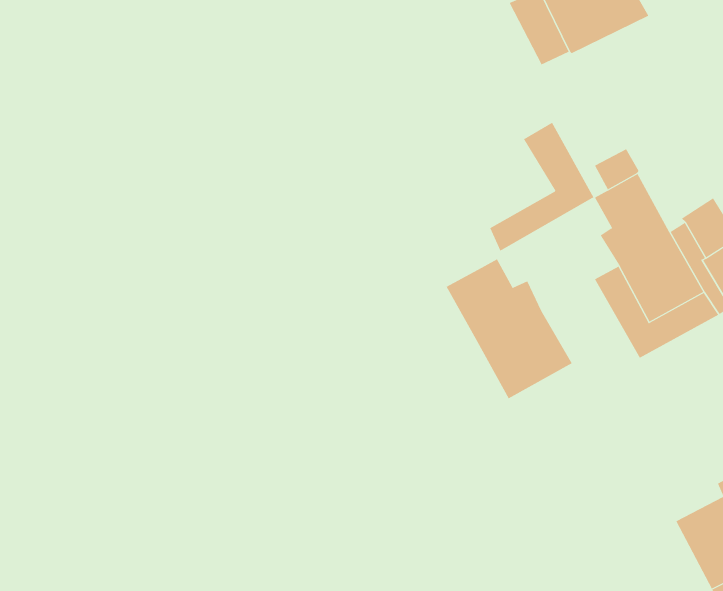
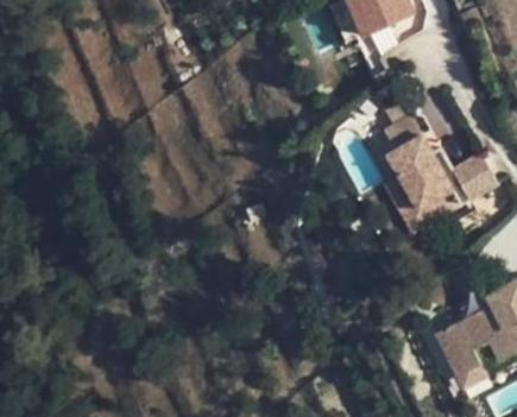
building: [490,122,594,252] -> none
building: [446,258,573,399] -> none

